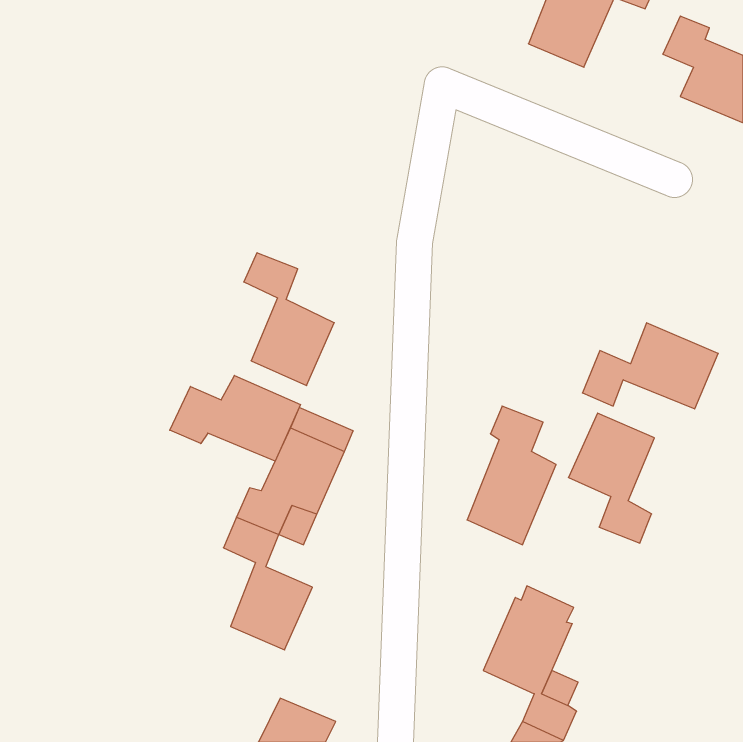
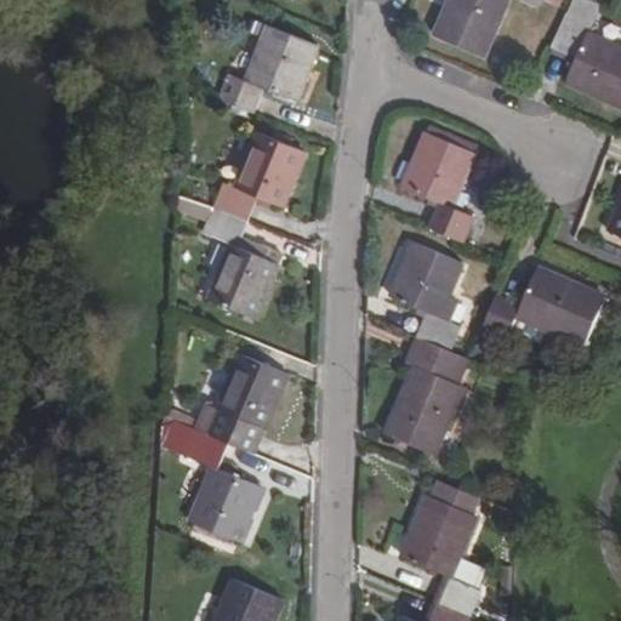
building: none -> [220,24,317,113]
building: none -> [403,133,472,239]
building: none -> [213,136,303,223]
building: [170,375,301,461] -> none
building: [568,413,654,543] -> [392,243,463,351]

